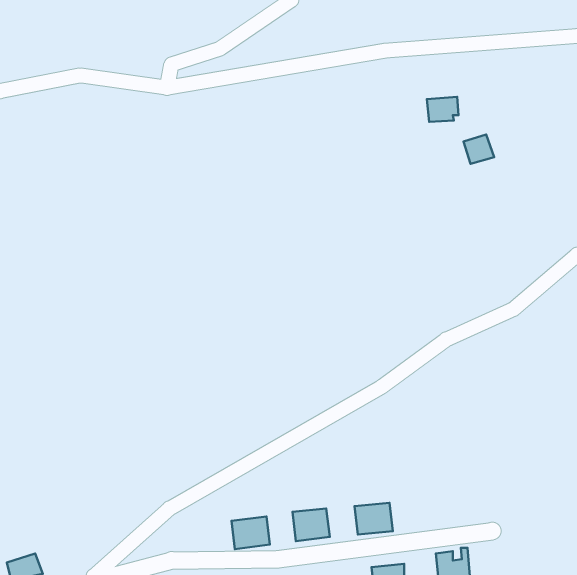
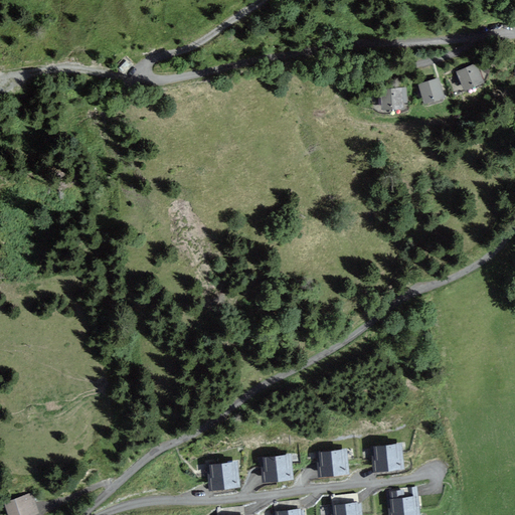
building: none -> [457,63,484,92]
building: [464,135,494,164] -> [418,78,446,105]
building: none -> [370,444,404,473]

